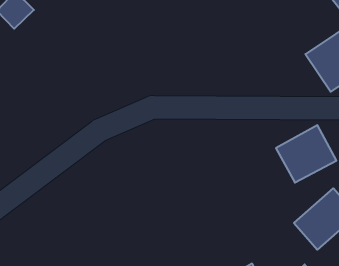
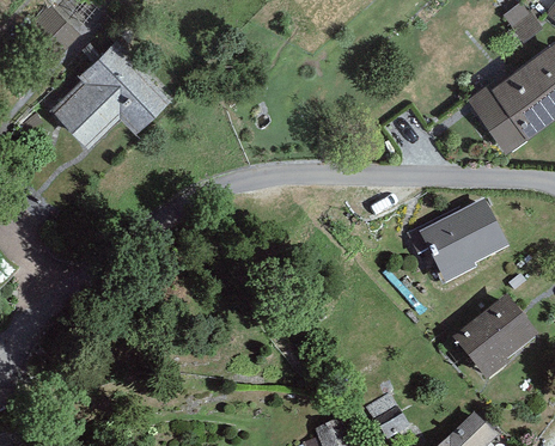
building: none -> [48,38,182,148]

